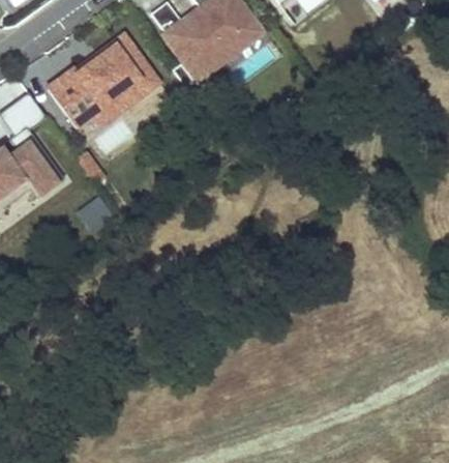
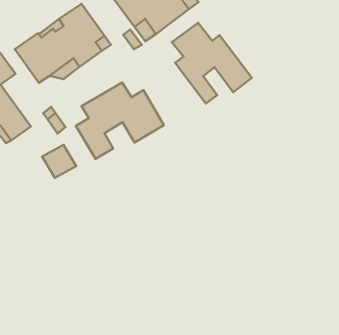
building: none -> [172,23,252,104]
building: none -> [76,83,164,159]

